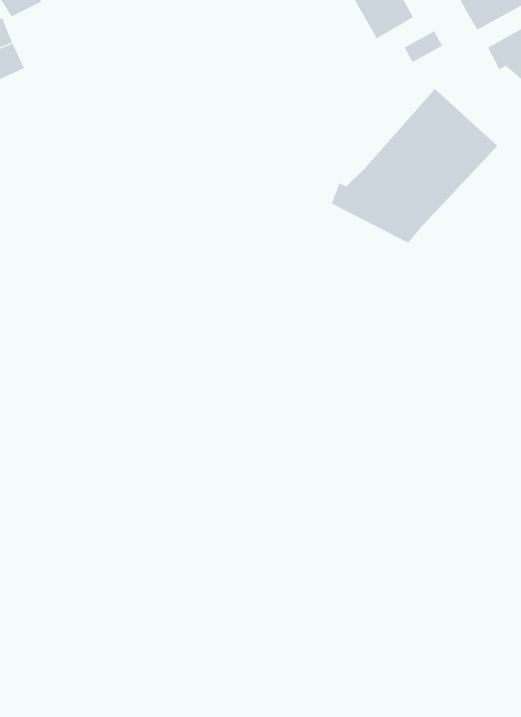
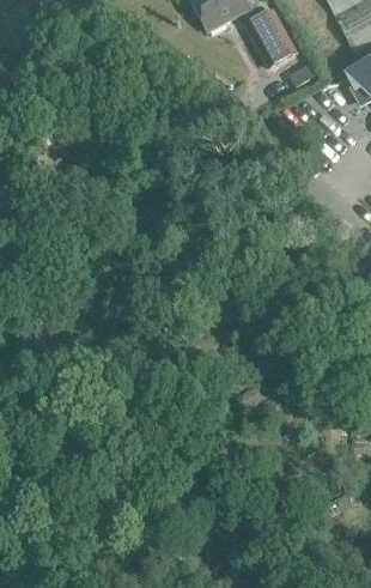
building: [331,88,498,243] -> none

